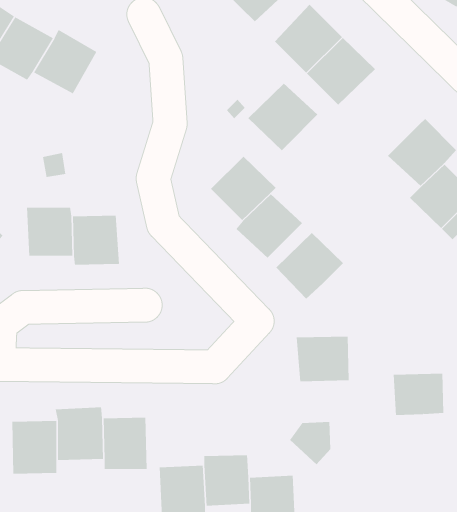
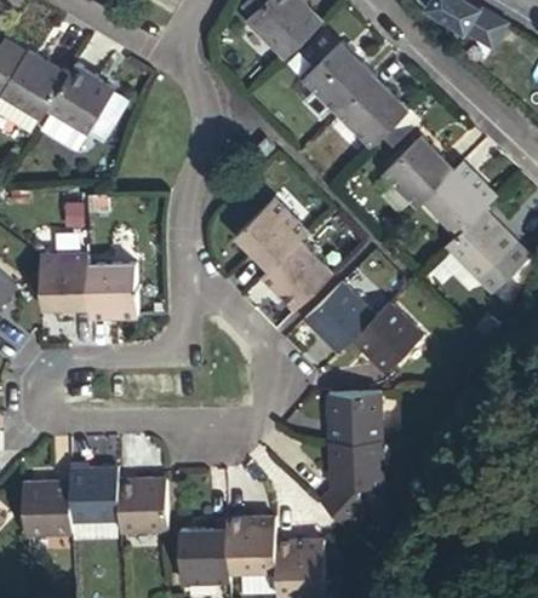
building: [247,83,318,151] -> [379,134,454,207]
building: none -> [354,299,424,369]
building: [393,373,444,416] -> [328,439,383,484]

